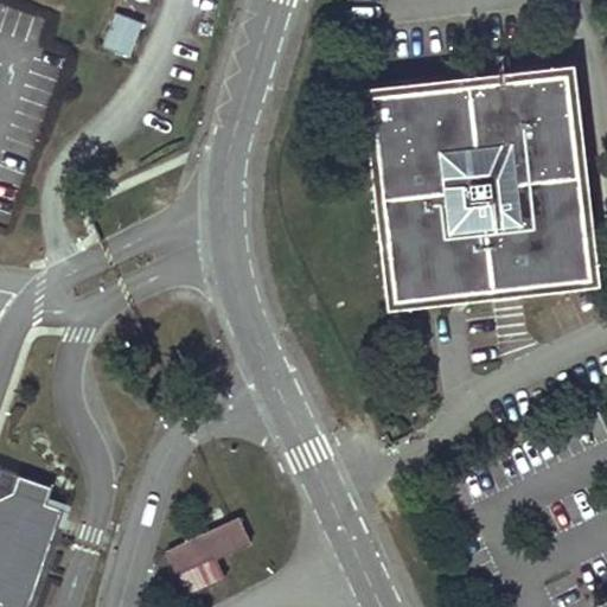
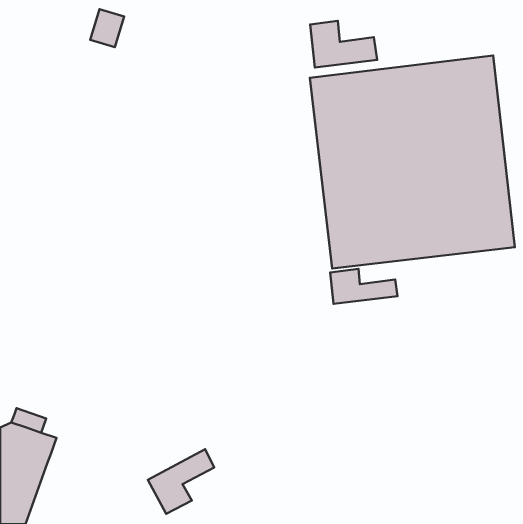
building: none -> [310,21,377,67]
building: none -> [330,269,398,304]

